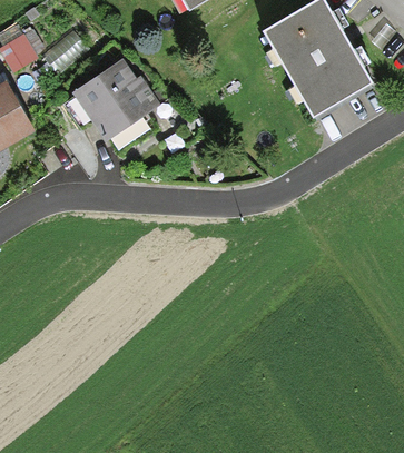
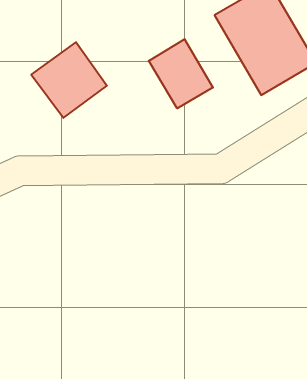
building: none -> [149,39,213,108]

